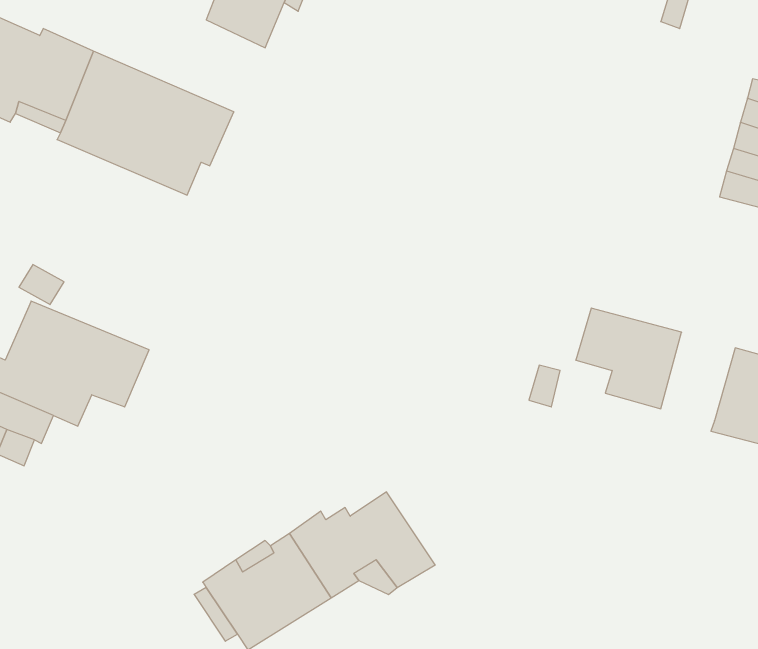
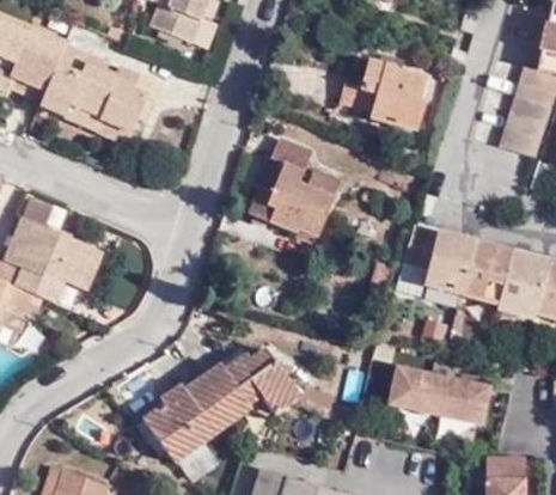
building: none -> [342,57,424,128]
building: none -> [250,133,342,238]
building: none -> [463,240,514,301]
building: none -> [381,358,489,421]

